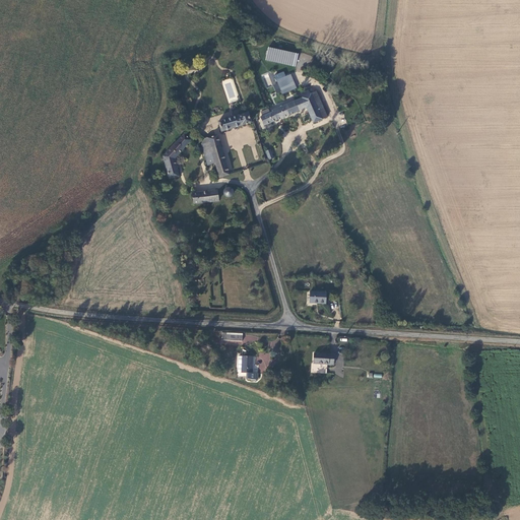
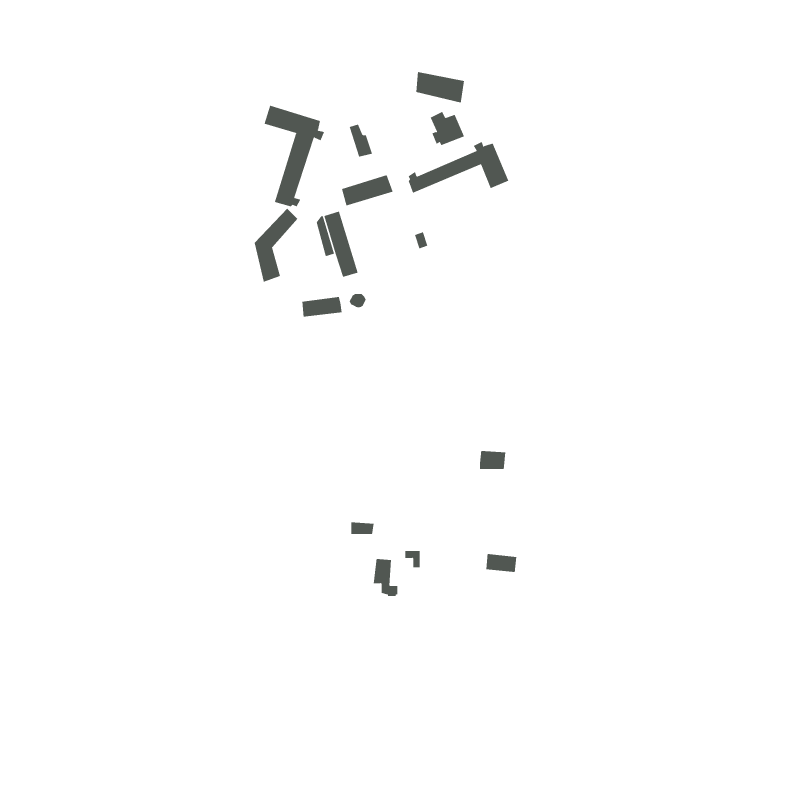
building: none -> [264,105,325,207]

